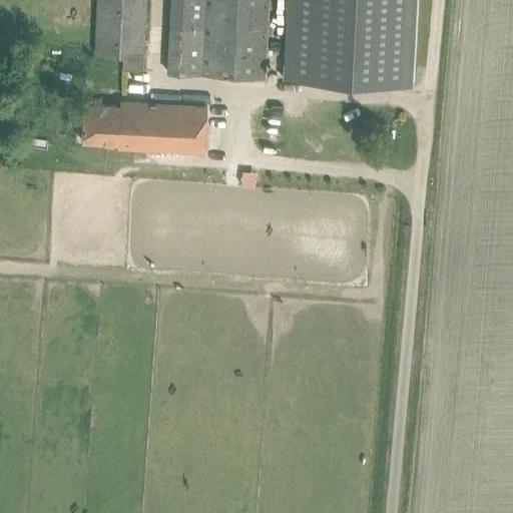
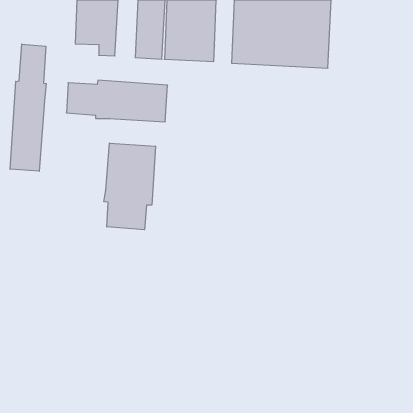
building: none -> [10,44,46,171]
building: none -> [104,143,155,230]

